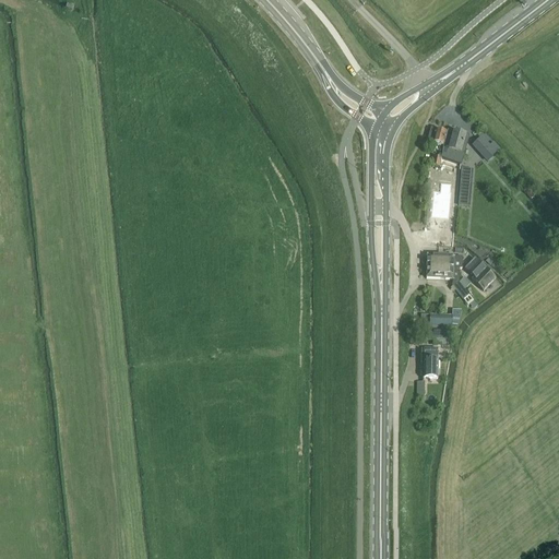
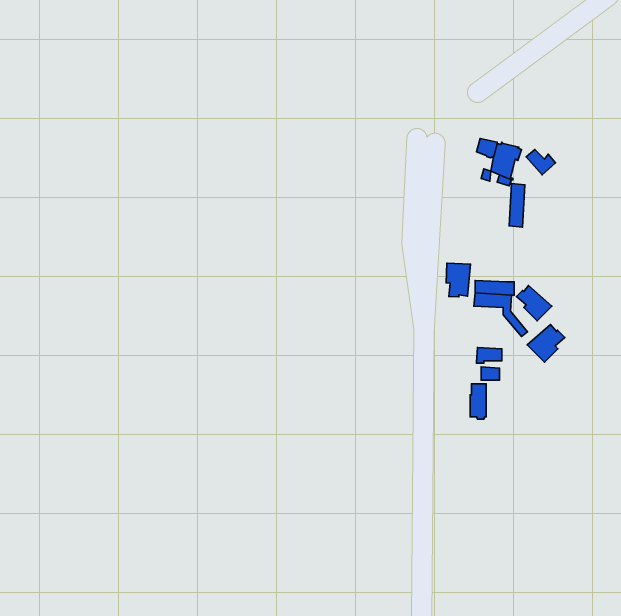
building: none -> [446,263,471,297]
building: none -> [527,324,565,362]

